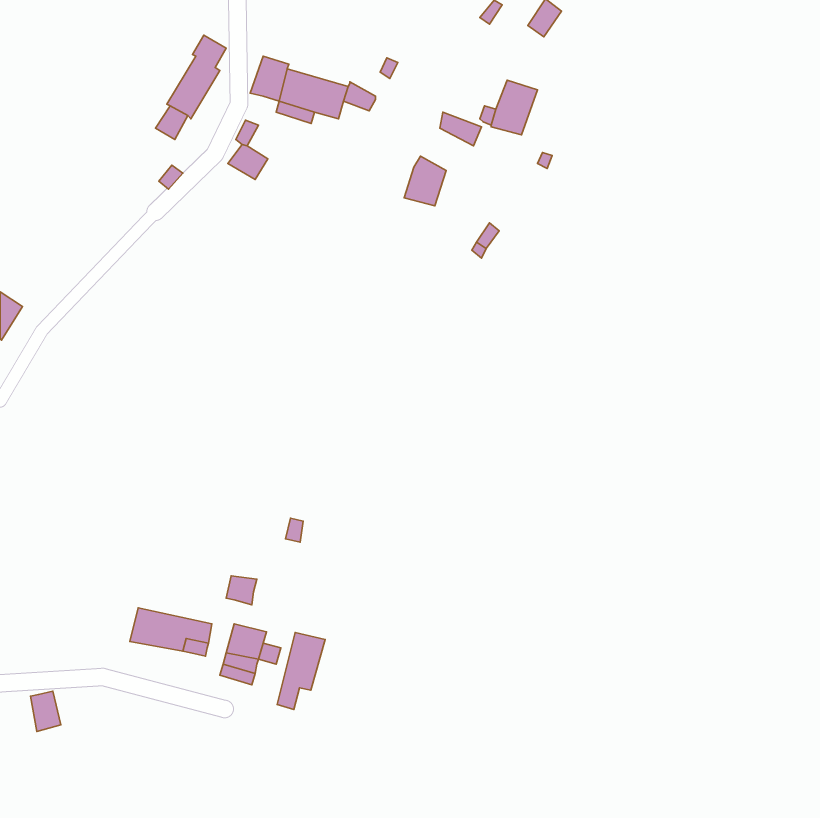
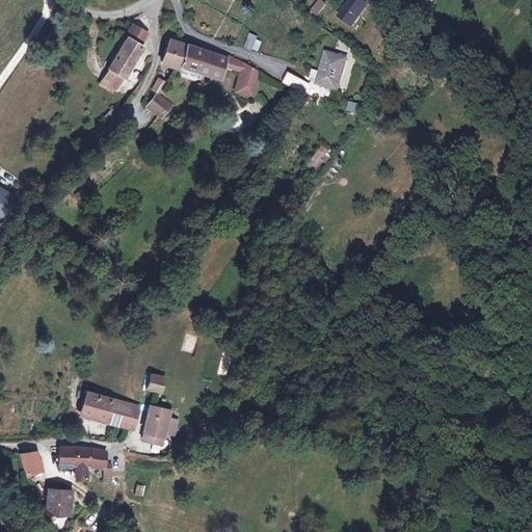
building: [404,156,446,206] -> [233,64,260,97]
building: [277,633,325,710] -> none
building: none -> [57,445,113,479]
building: none -> [47,487,72,513]

